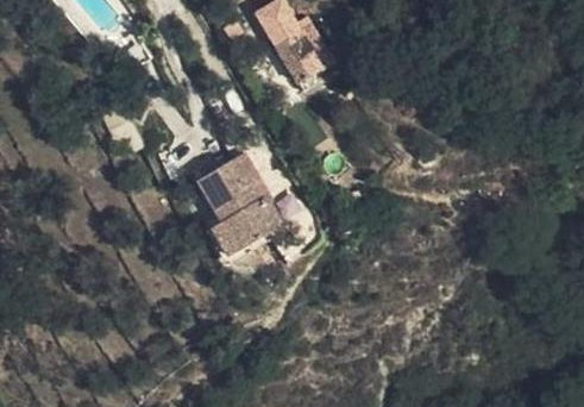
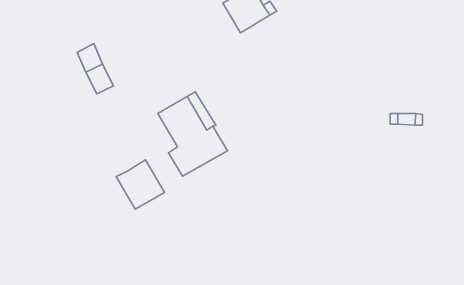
building: none -> [116,160,164,209]

